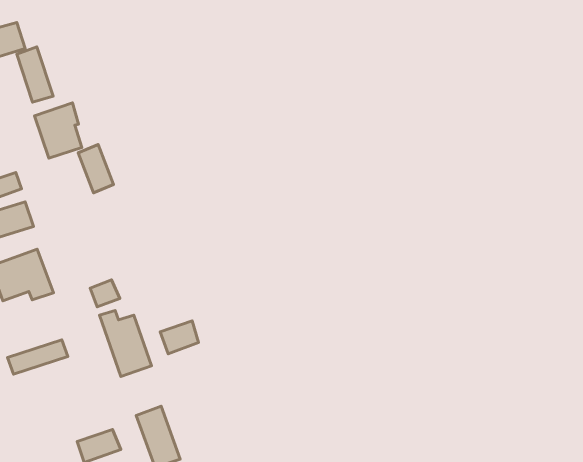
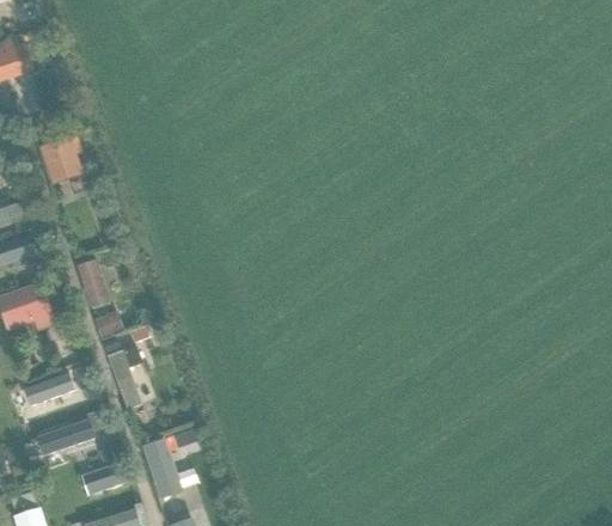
building: [17,47,53,102] -> none
building: [78,144,114,193] -> [75,258,111,307]
building: [160,321,199,354] -> none
building: none -> [36,421,96,453]

